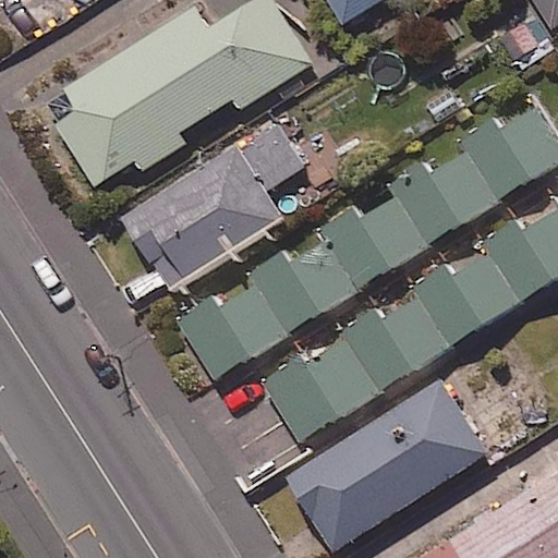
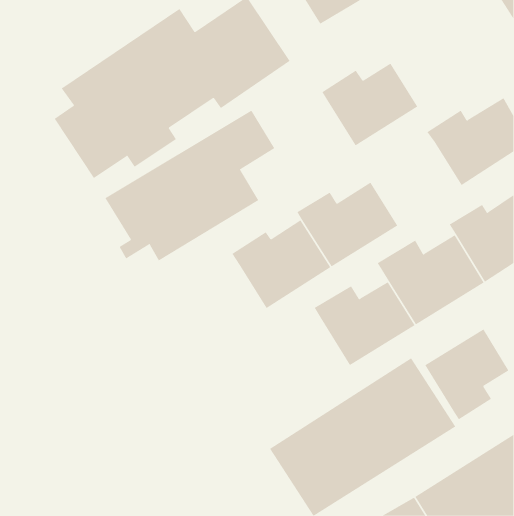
building: [391,153,495,242] -> [322,63,418,146]
building: [177,284,286,376] -> none
building: [259,341,375,440] -> none
building: none -> [425,328,509,420]

